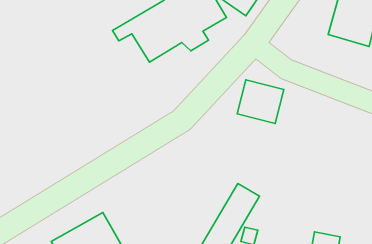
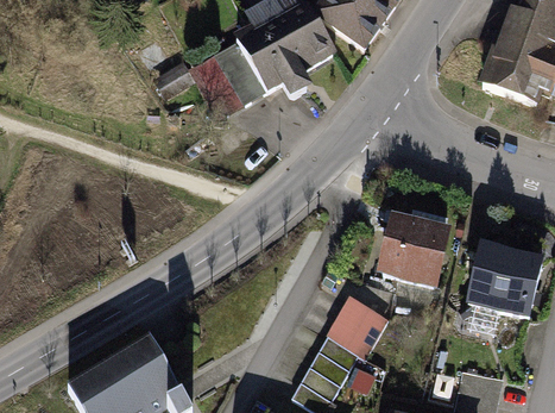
building: [237,80,284,123] -> [380,215,449,280]
building: none -> [474,248,542,317]

